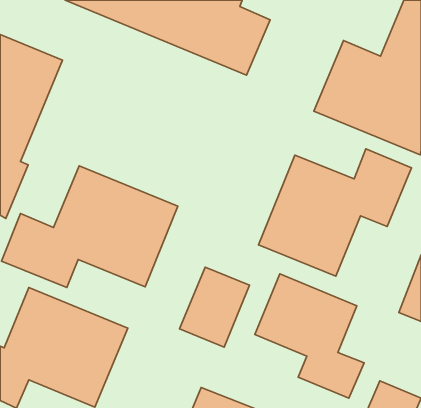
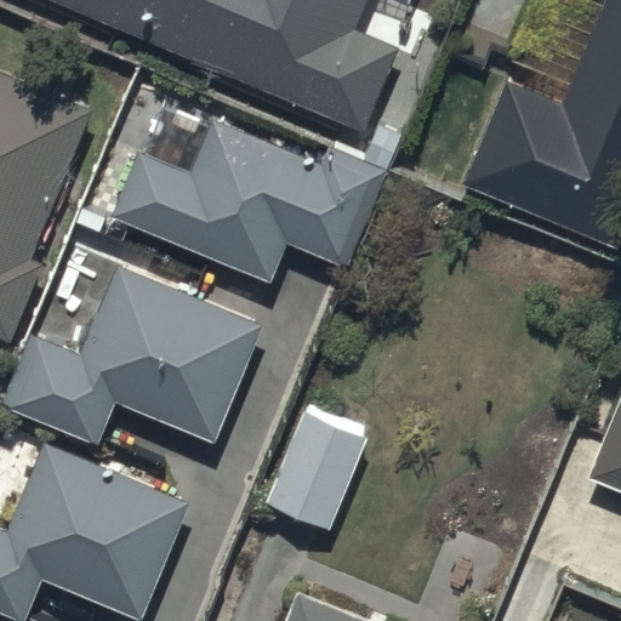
building: none -> [109,116,387,281]
building: [259,149,411,276] -> none
building: [255,274,364,398] -> none

